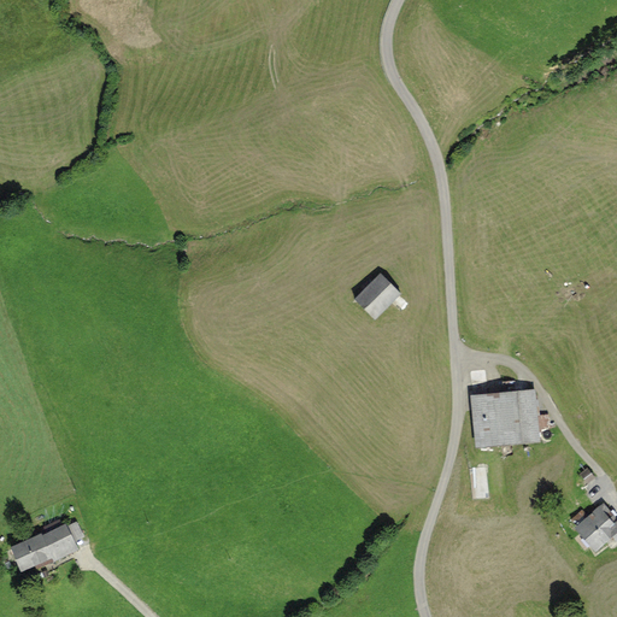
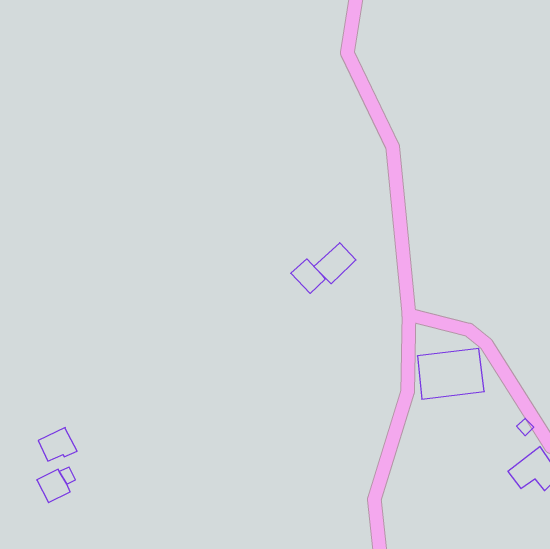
building: none -> [291,259,325,293]
building: [12,535,55,572] -> [38,428,77,461]

